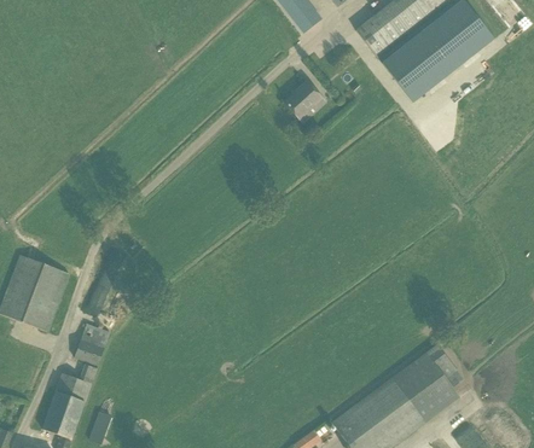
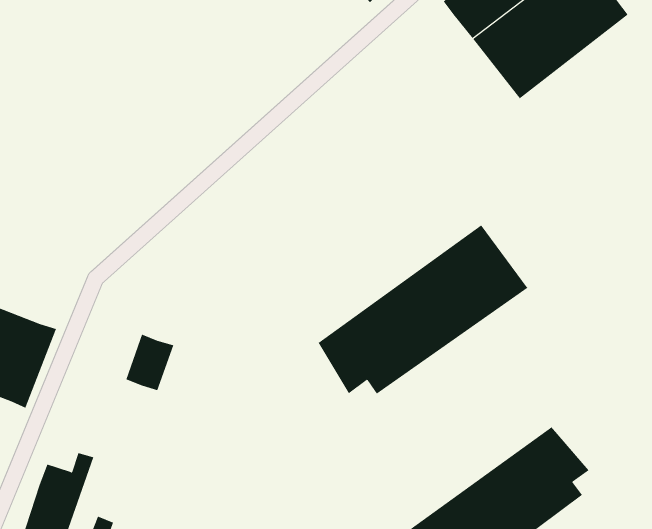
building: [284,81,321,121] -> none
building: none -> [318,224,528,394]
building: [74,324,110,366] -> [125,334,174,391]

